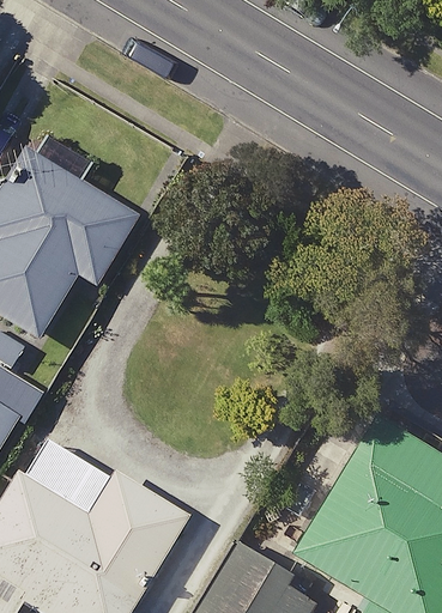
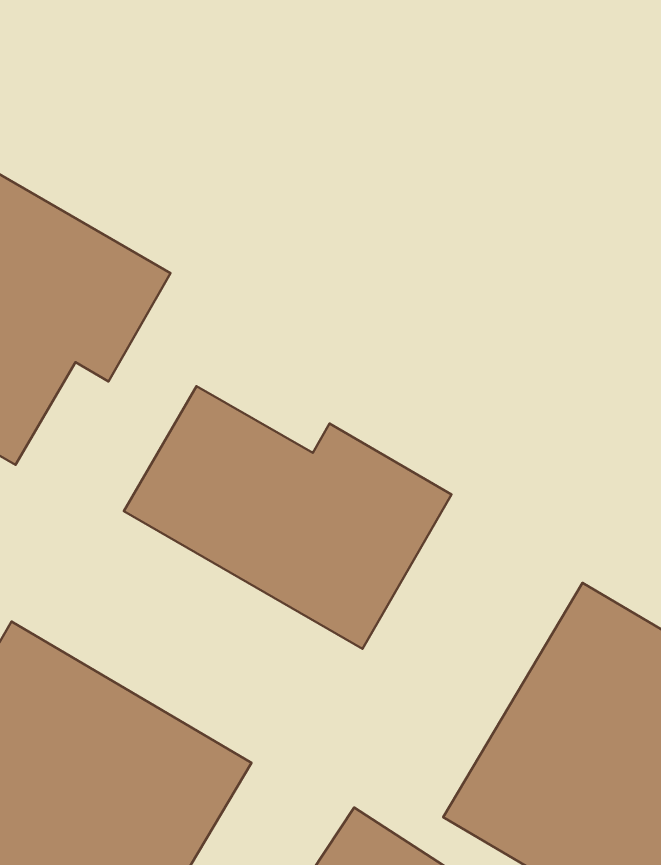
building: none -> [124,386,452,649]

